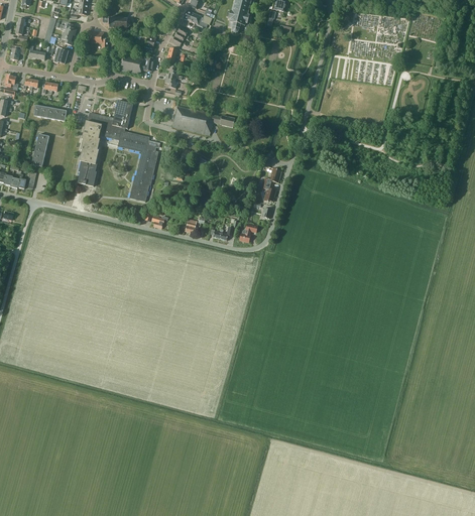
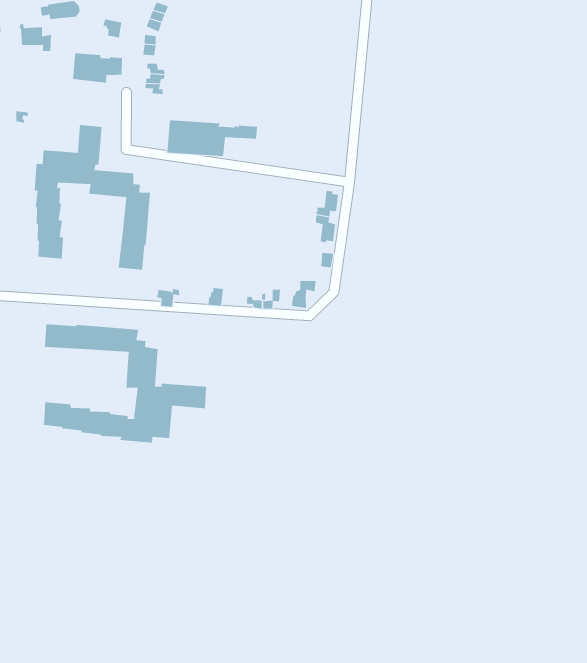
building: none -> [43,323,207,443]

